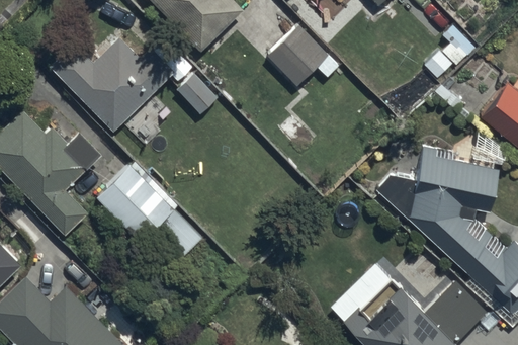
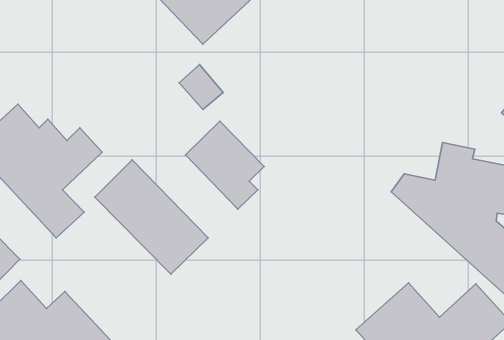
building: [264,22,339,88] -> none
building: [51,34,176,134] -> none
building: none -> [186,121,264,209]

